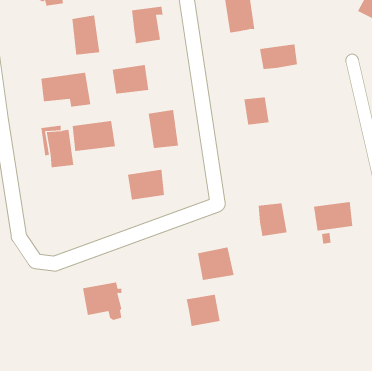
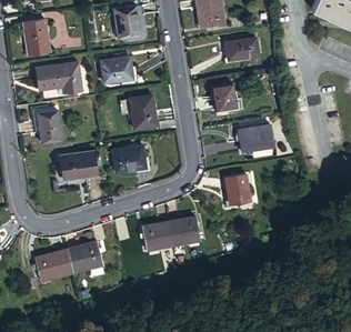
building: [72,15,100,55] -> [24,19,49,53]
building: [72,121,116,152] -> [58,153,96,180]
building: [313,201,353,231] -> [237,128,271,153]
building: none -> [38,249,76,278]
building: [186,294,221,326] -> [144,219,174,247]

